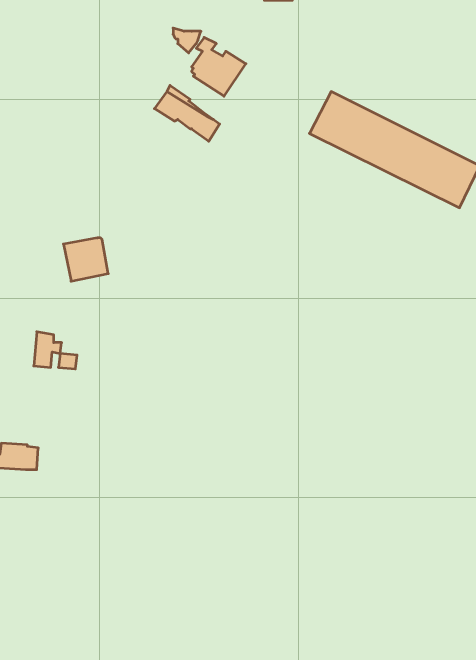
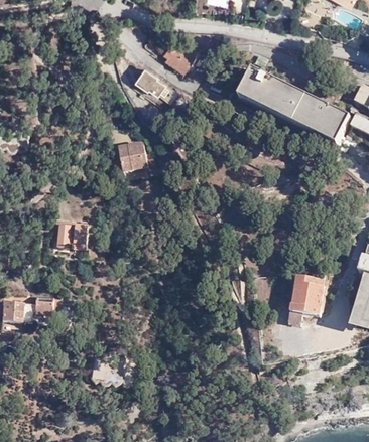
building: [63,238,108,281] -> [119,142,148,170]
building: none -> [279,275,336,325]

